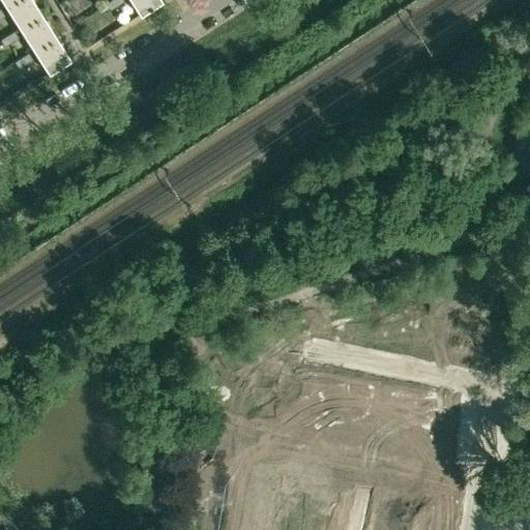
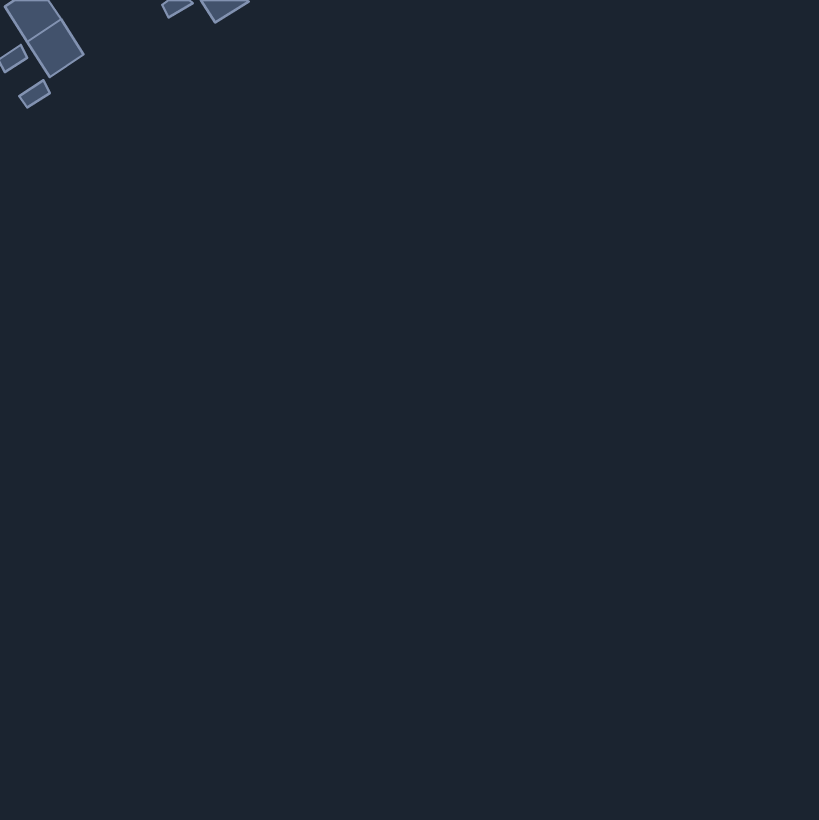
building: [32,35,69,72] -> none

